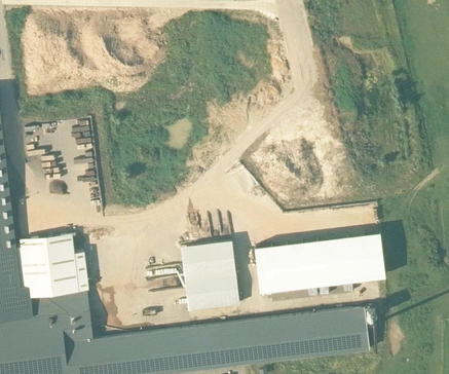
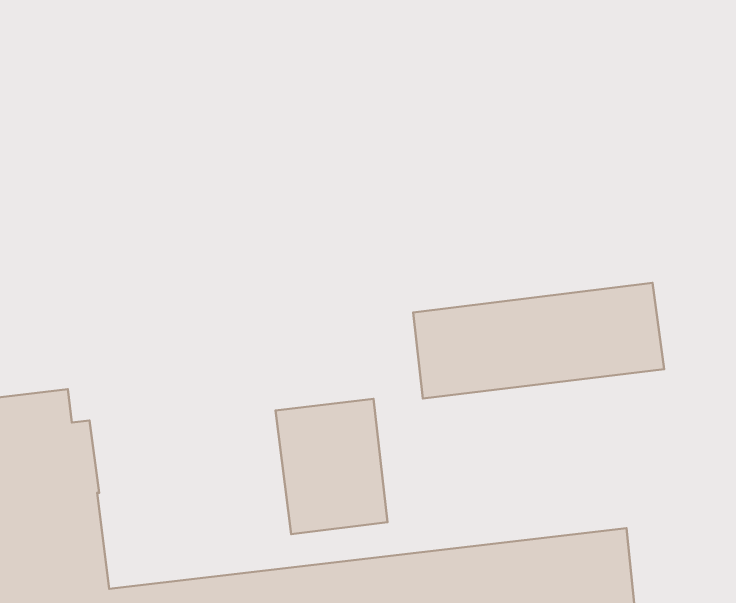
building: [253,231,384,292] -> [413,283,664,399]

